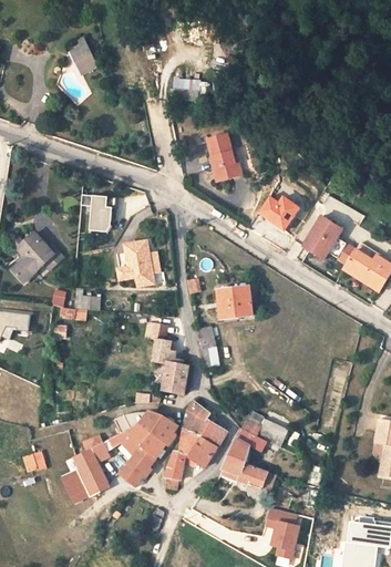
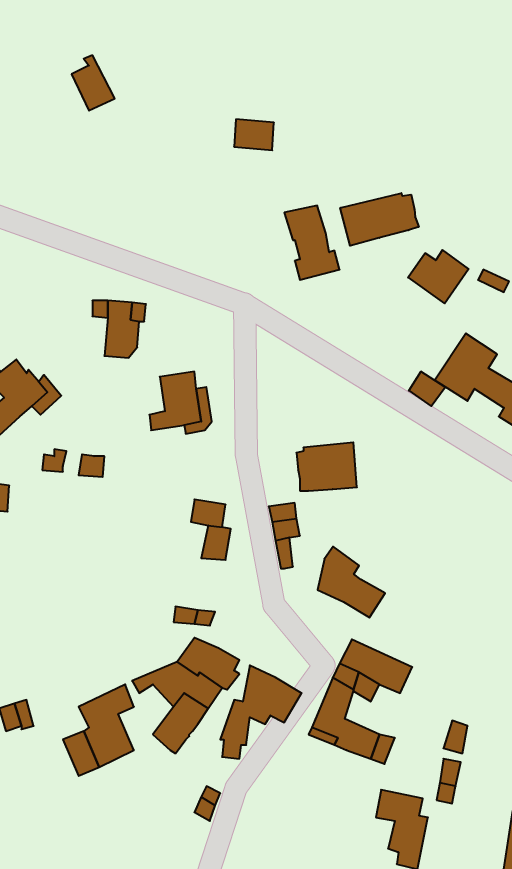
building: none -> [340,193,419,246]
building: [259,195,298,229] -> [408,250,469,303]
building: [164,361,188,392] -> none
building: [184,401,227,446] -> [318,547,385,618]

